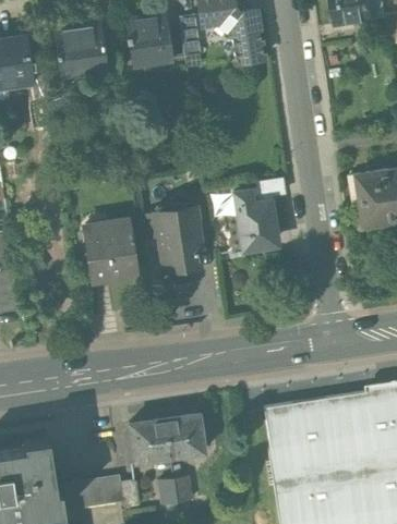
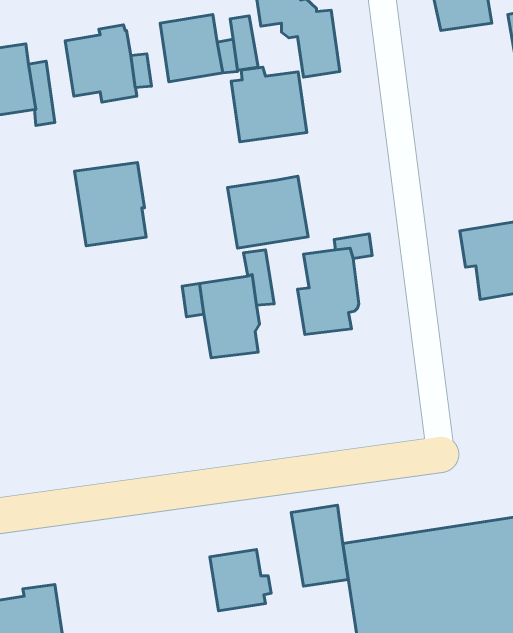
building: none -> [231,67,307,142]
building: none -> [227,176,308,248]
building: [85,220,139,282] -> [74,163,146,246]
building: none -> [291,505,348,586]
building: [124,418,170,464] -> none

